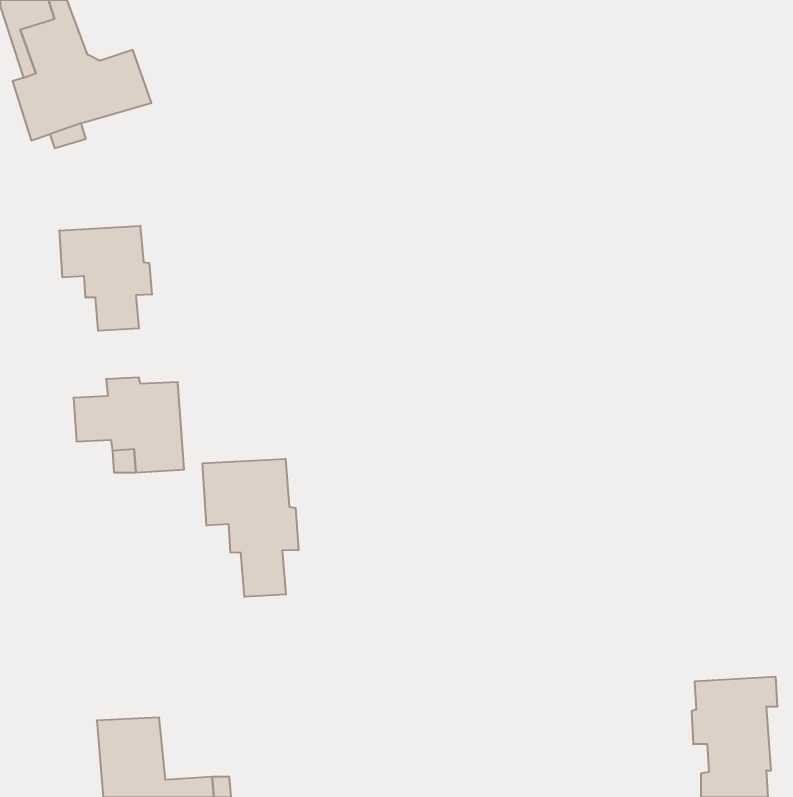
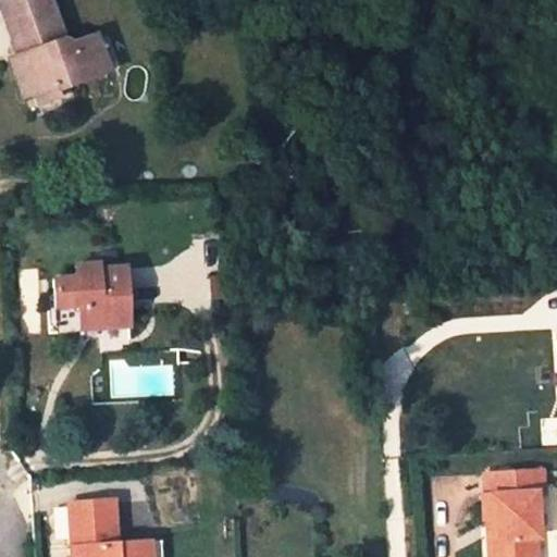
building: [59,226,152,331] -> none
building: [203,459,299,597] -> none

